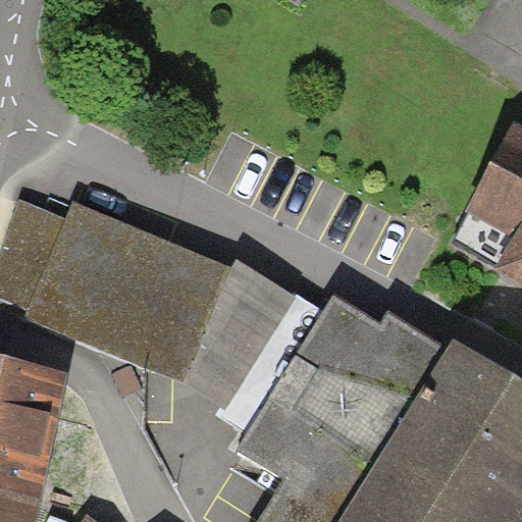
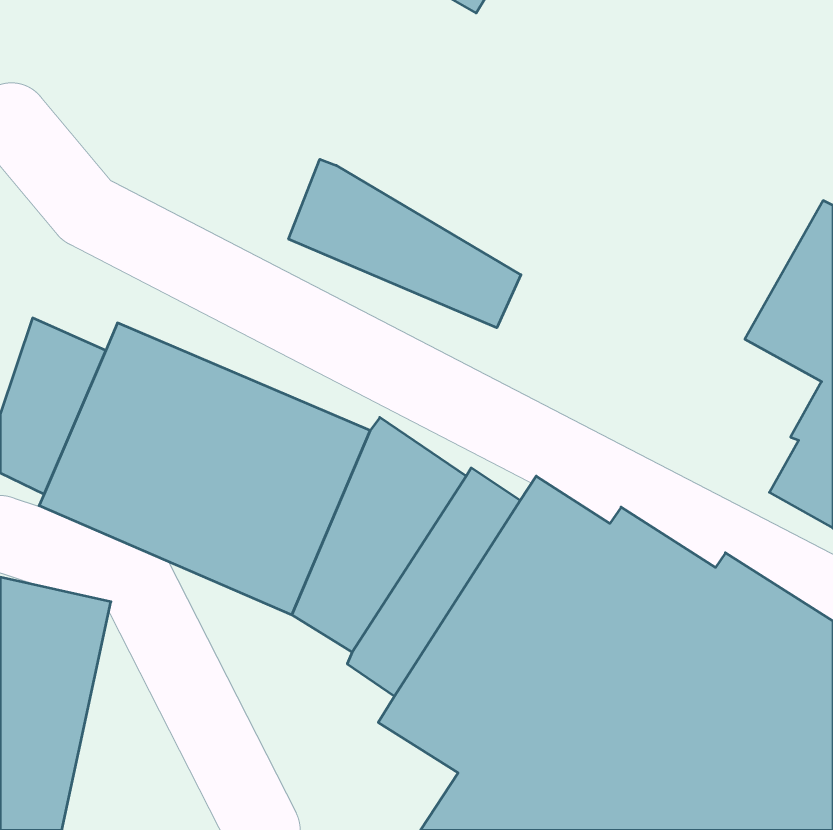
building: none -> [289,159,521,328]

